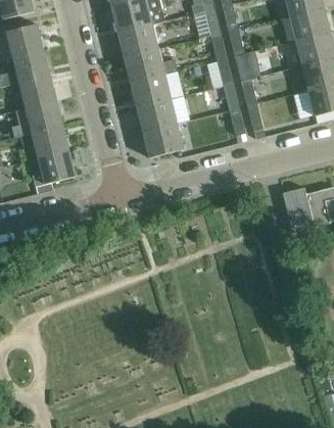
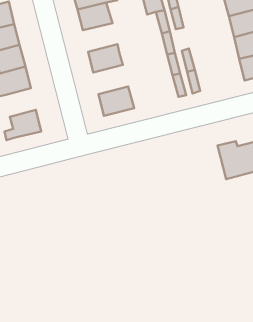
building: [125,49,177,83] -> none
building: [234,51,261,82] -> none
building: [137,98,178,133] -> none
building: [33,126,69,159] -> none

